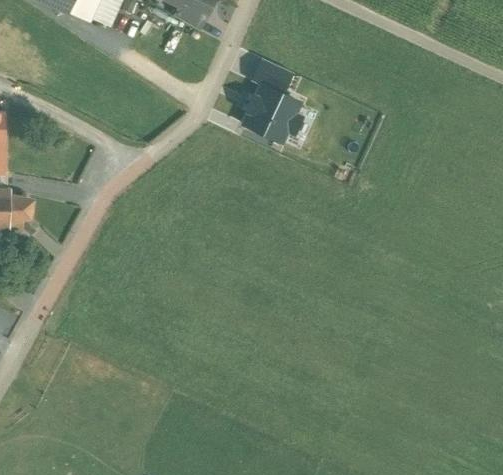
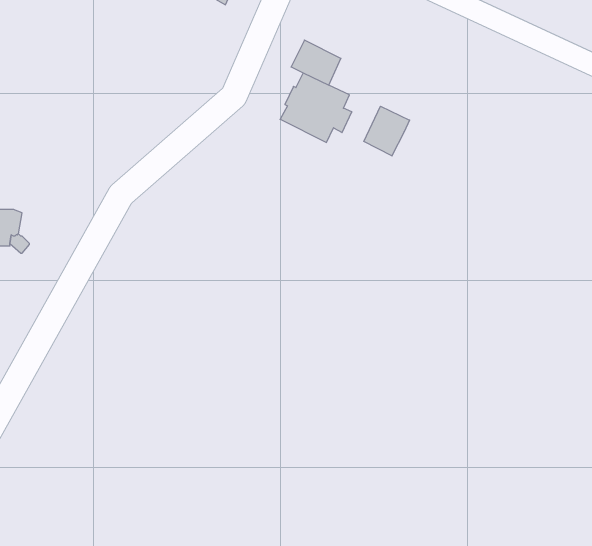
building: none -> [364,106,410,156]

